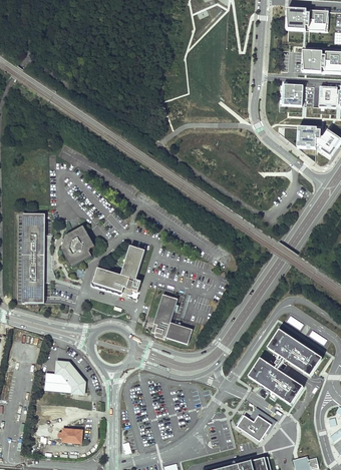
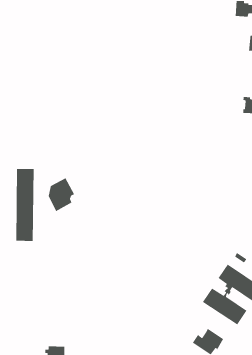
building: [284,86,303,107] -> none
building: [93,245,145,294] -> none
building: [150,294,193,344] -> none
building: [44,359,85,394] -> none

